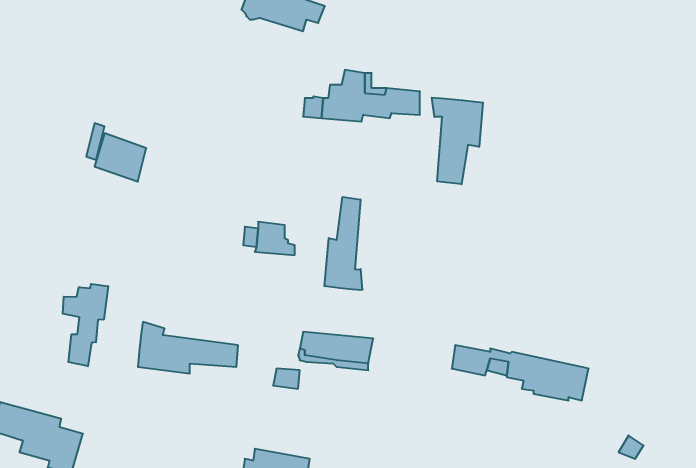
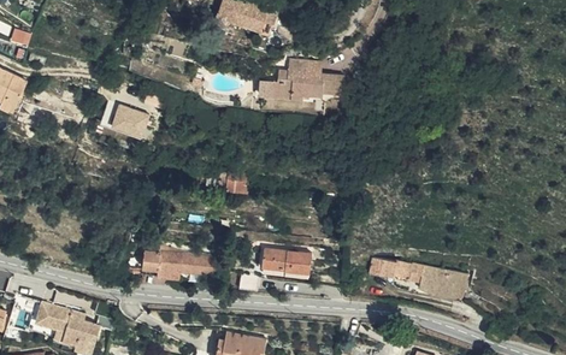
building: [432,98,483,184] -> none
building: [325,197,362,290] -> none
building: [63,284,108,366] -> none

